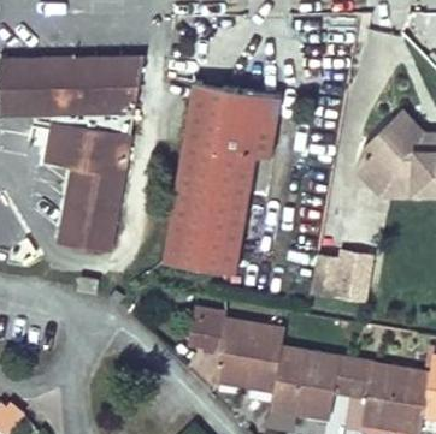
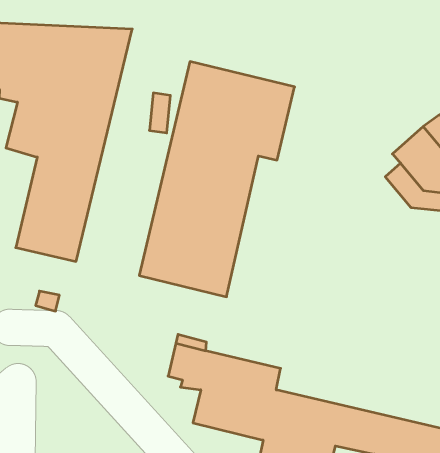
building: [335,252,371,301] -> none

